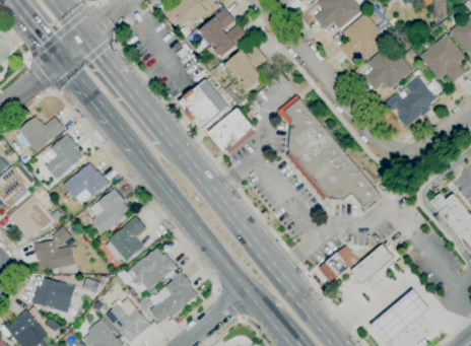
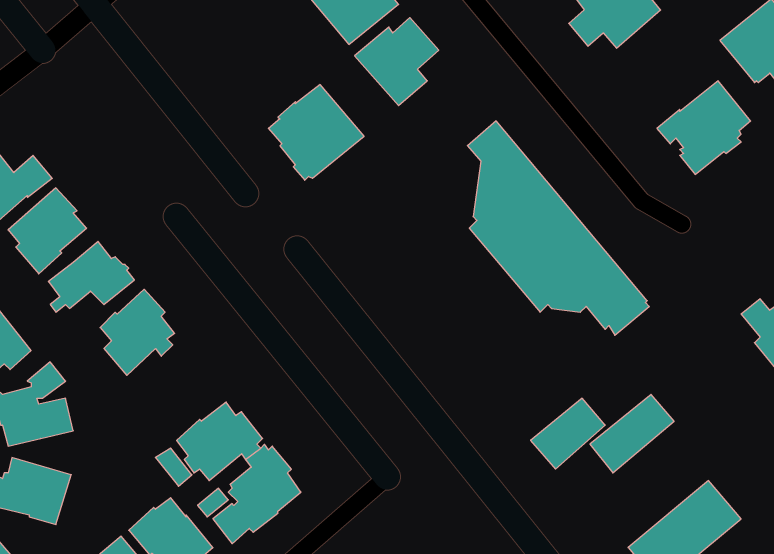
building: [364,43,413,89] -> none
building: [208,108,255,153] -> none
building: [105,216,145,261] -> none

